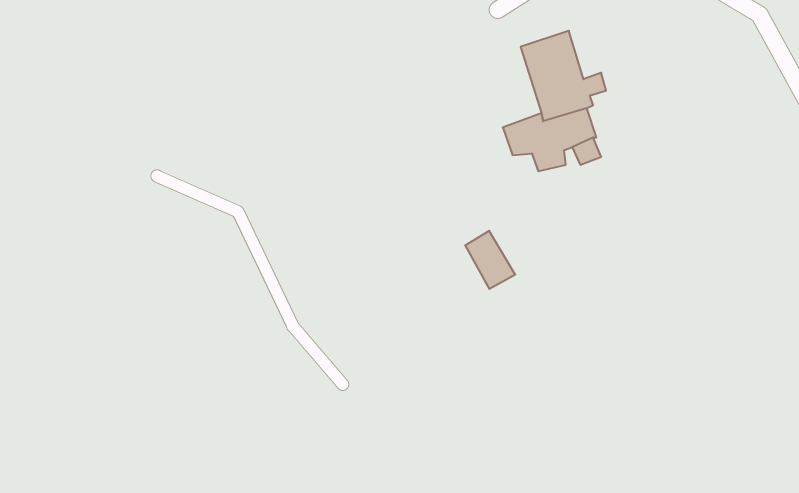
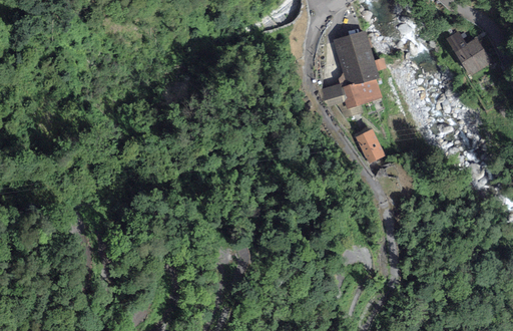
building: none -> [447,30,490,73]
building: [465,231,515,289] -> [354,126,385,162]

